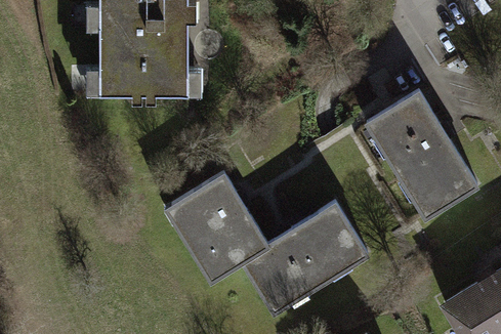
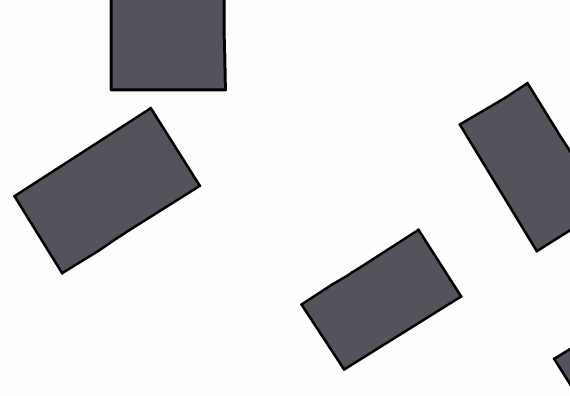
building: none -> [14,108,200,273]
building: [166,171,270,282] -> none

